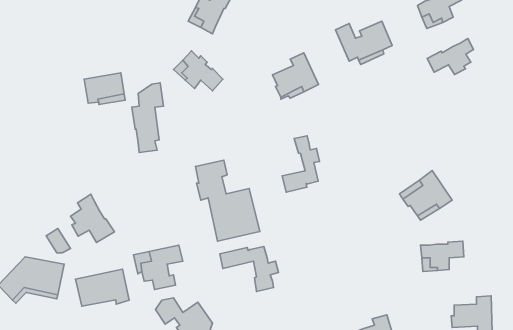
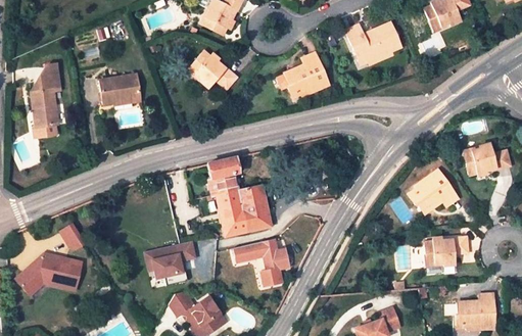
building: [427,38,473,74] -> none
building: [132,83,163,152] -> [31,68,61,136]
building: [282,136,319,192] -> none
building: none -> [462,144,510,175]
building: [71,194,115,243] -> none
building: [75,269,129,306] -> none

